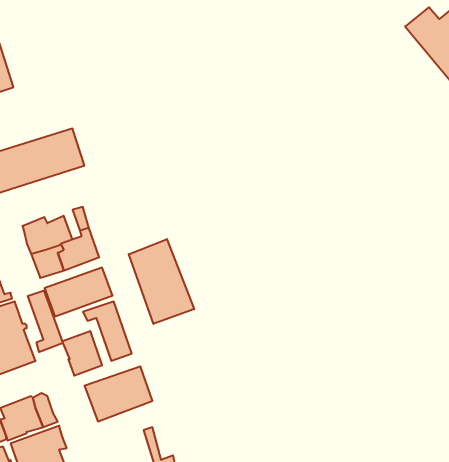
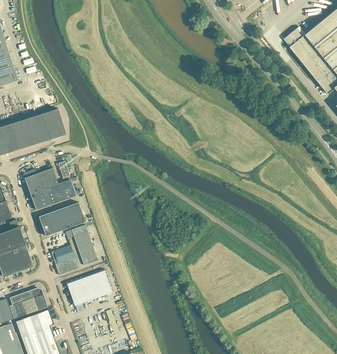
building: [129,239,194,324] -> none
building: [28,290,63,352] -> none

